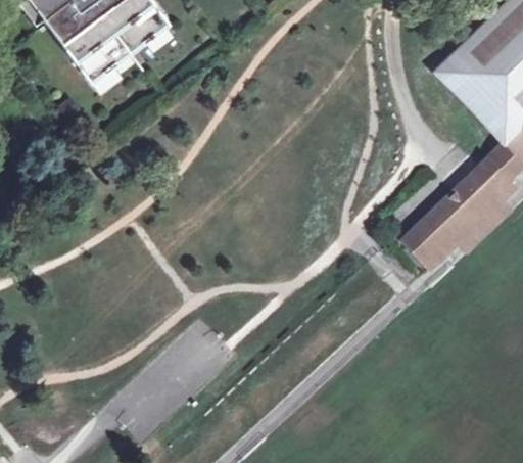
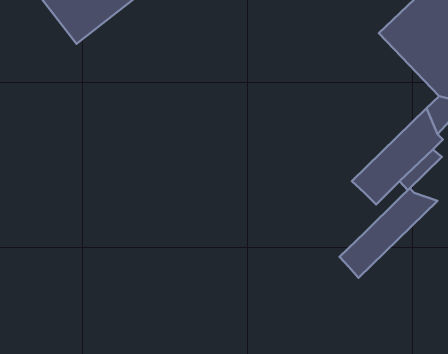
building: none -> [339,188,438,278]

